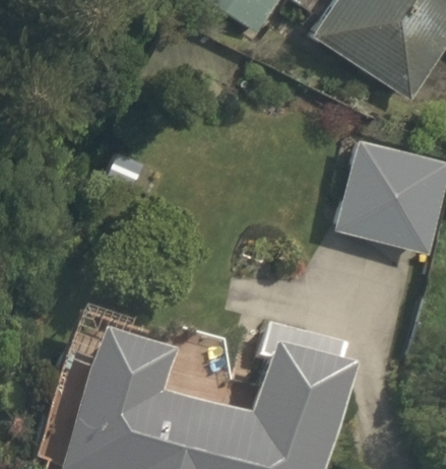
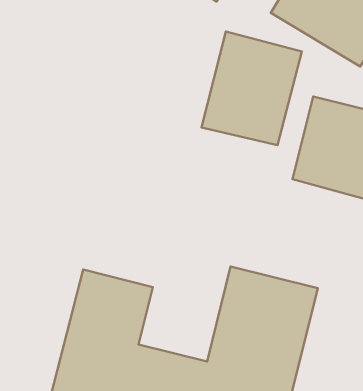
building: none -> [201,31,302,145]

